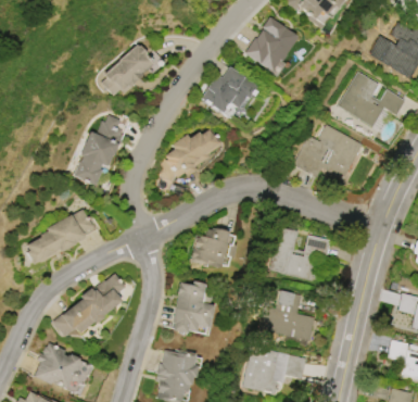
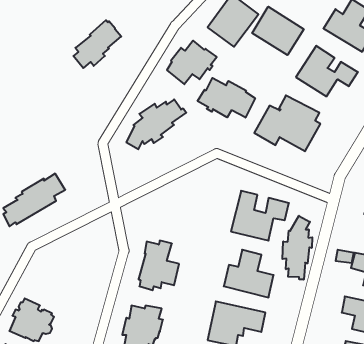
building: none -> [252,7,304,55]
building: none -> [198,78,255,118]
building: [74,115,124,186] -> none
building: [189,229,229,269] -> none
building: none -> [282,216,312,280]
building: [52,275,125,338] -> none

